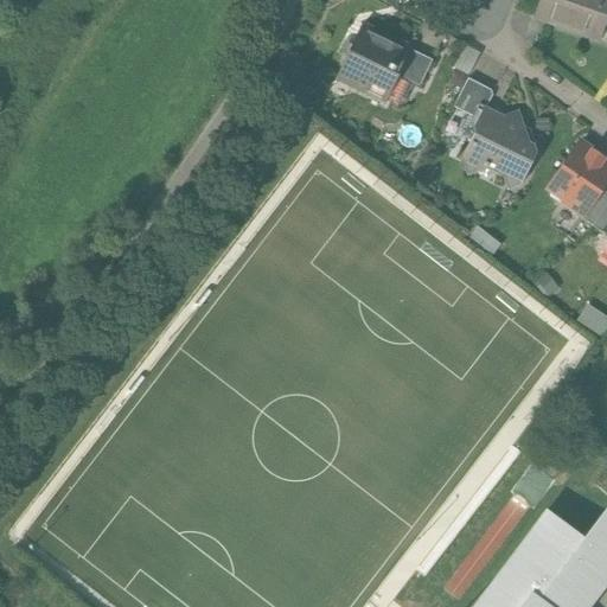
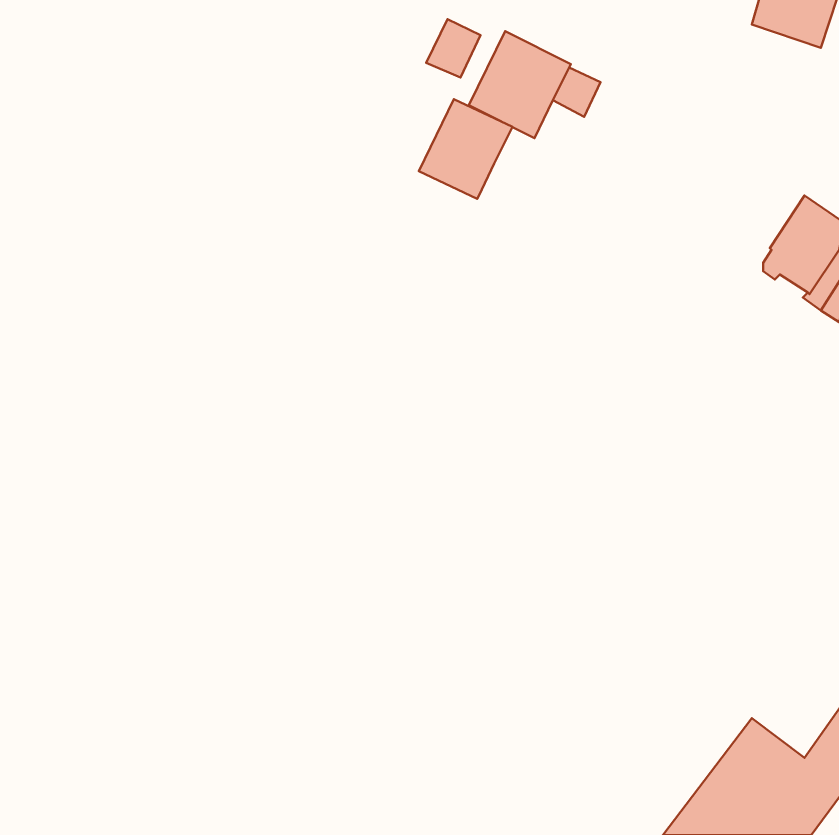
building: none -> [426,19,480,77]
building: none -> [419,99,512,199]
building: [454,75,537,184] -> none

